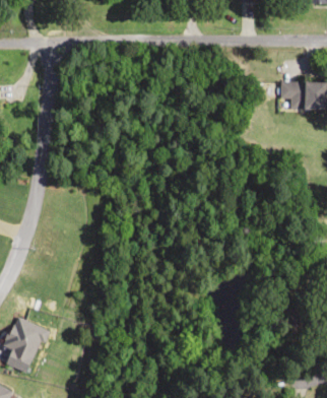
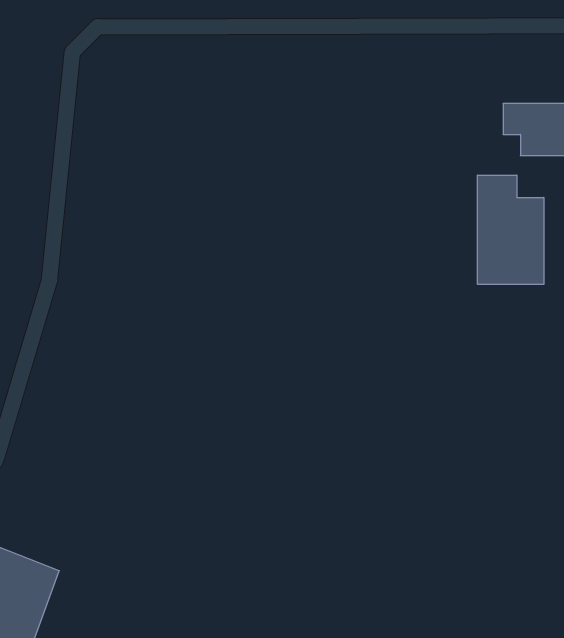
building: none -> [478,175,544,284]

